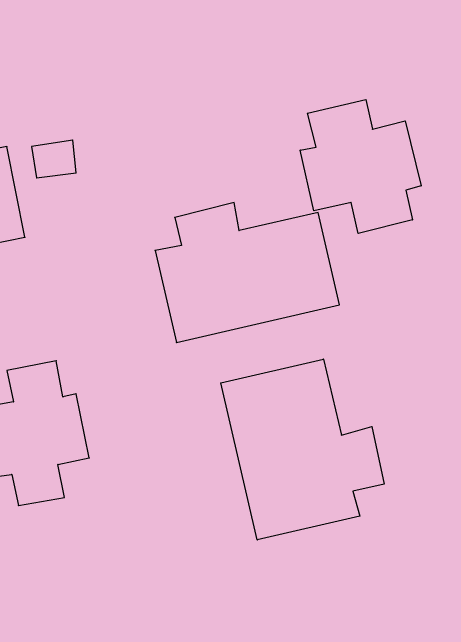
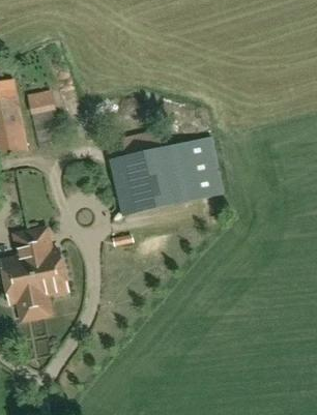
building: [300,100,421,233] -> none
building: [221,359,384,540] -> none

